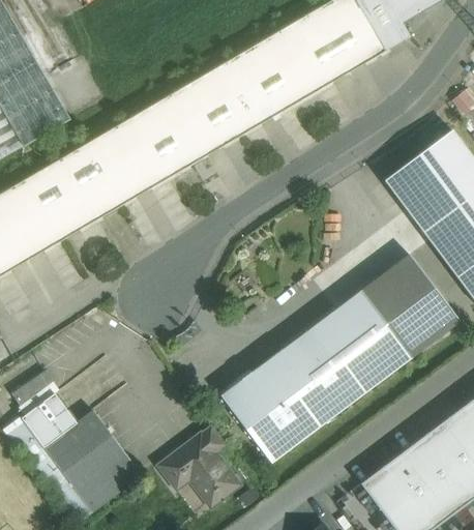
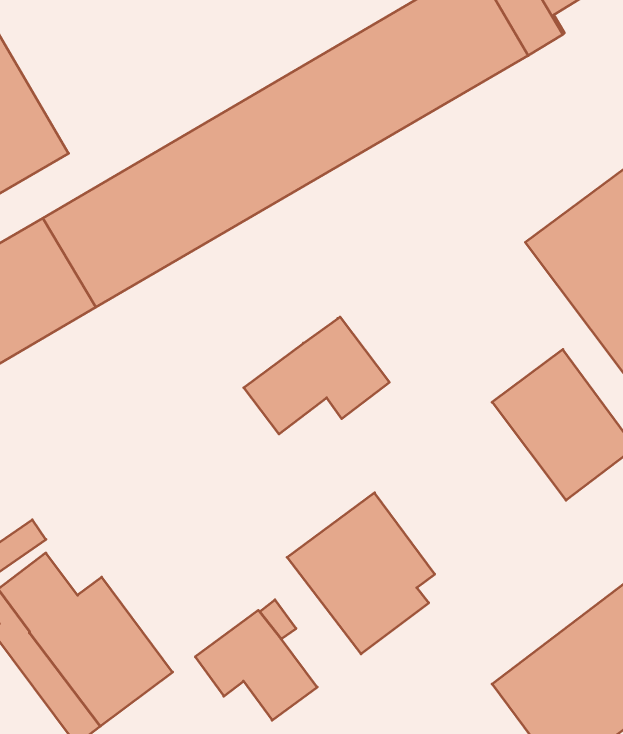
building: none -> [244,317,389,434]
building: [280,289,412,426] -> none

